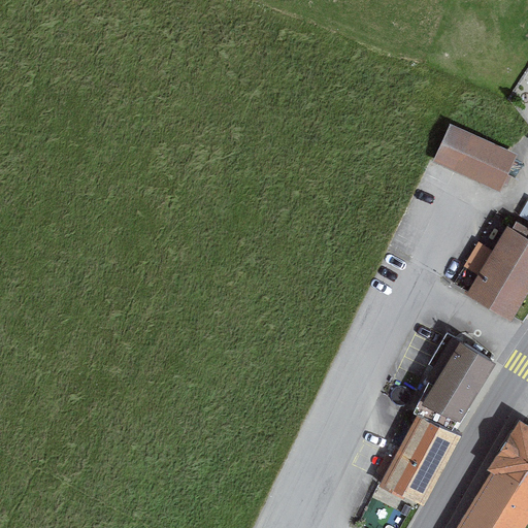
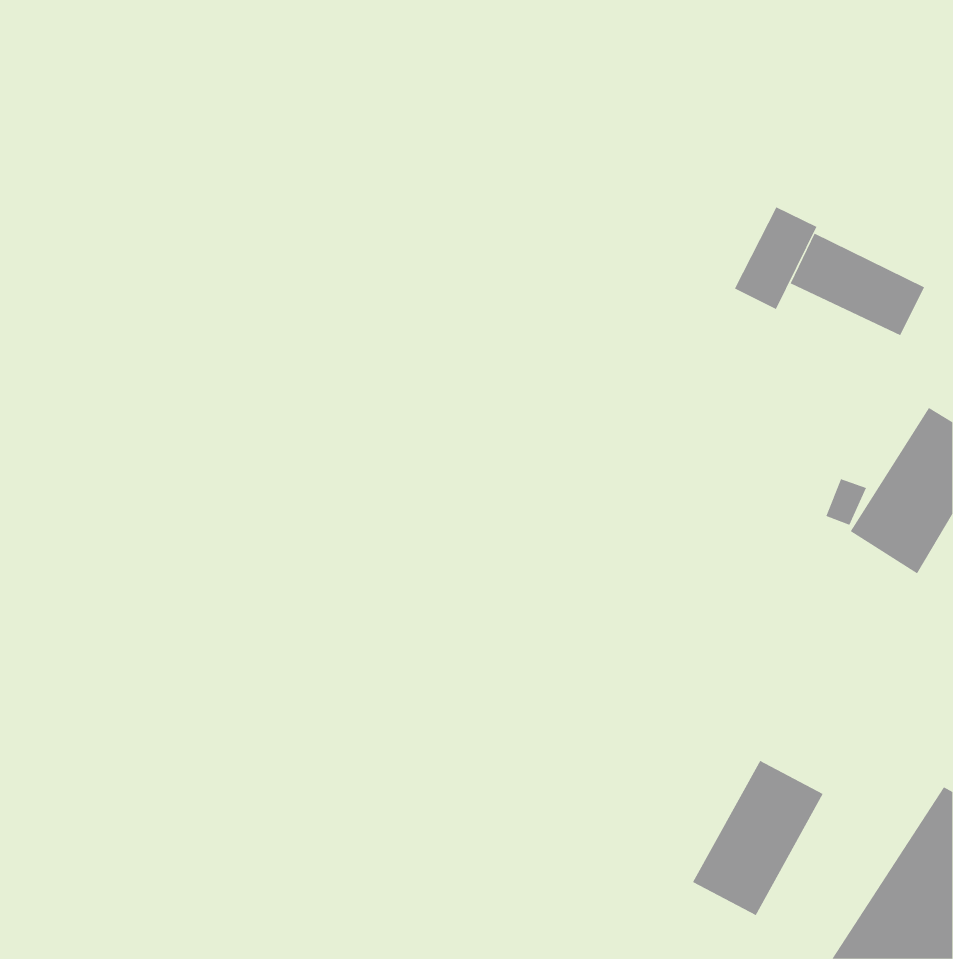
building: none -> [734,207,817,310]
building: [408,333,498,436] -> none

